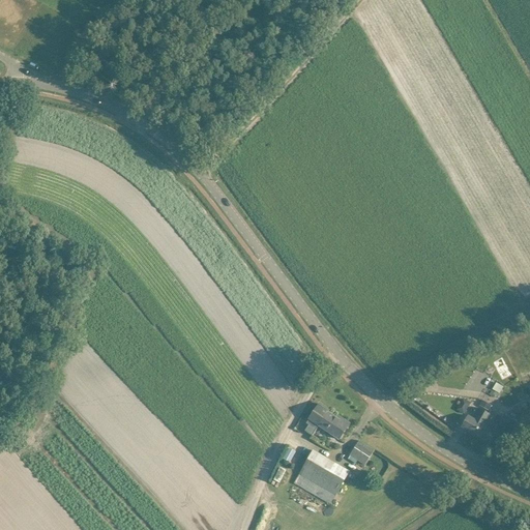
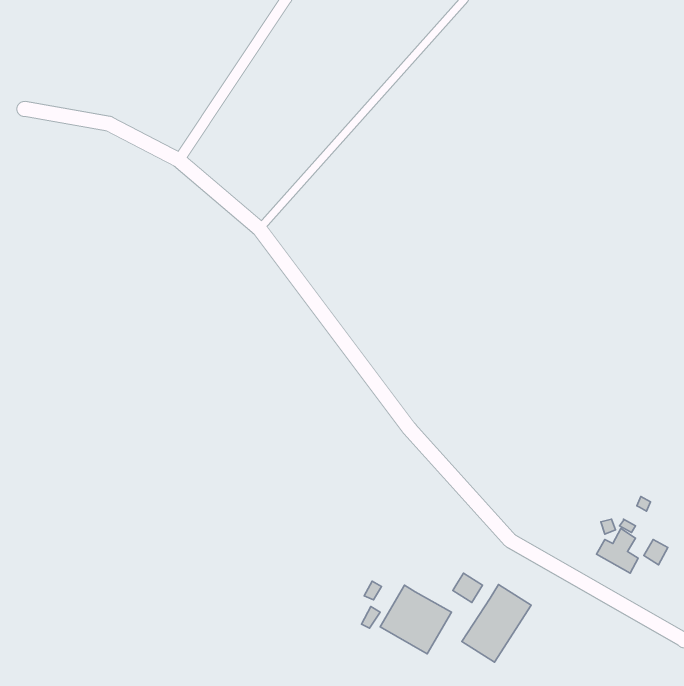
building: [303,404,348,439] -> none
building: none -> [462,585,531,662]

